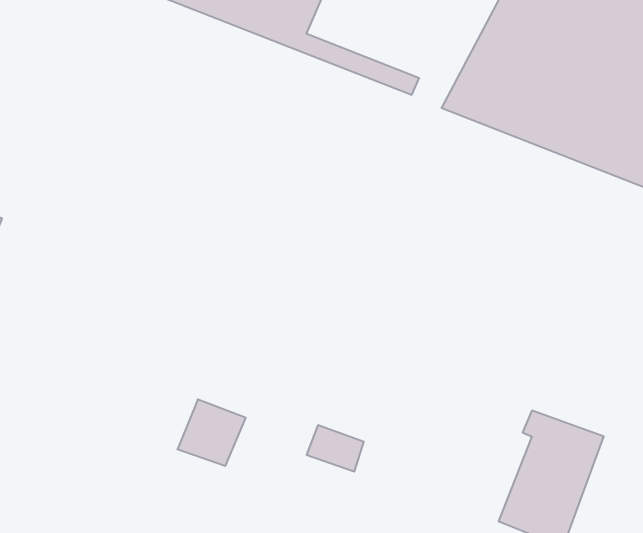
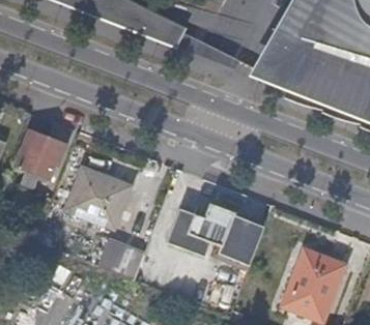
building: none -> [17,130,66,184]
building: none -> [67,160,133,224]
building: none -> [163,200,265,270]

